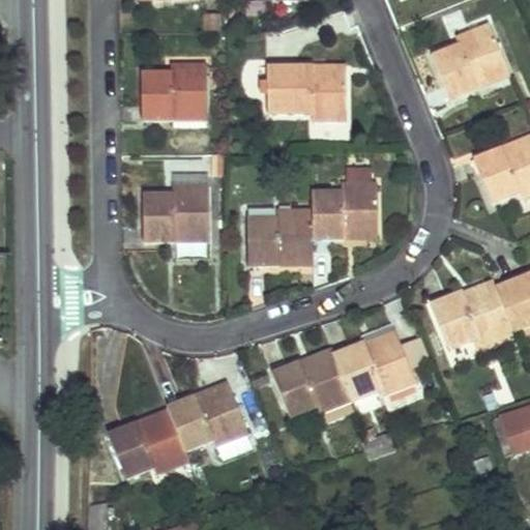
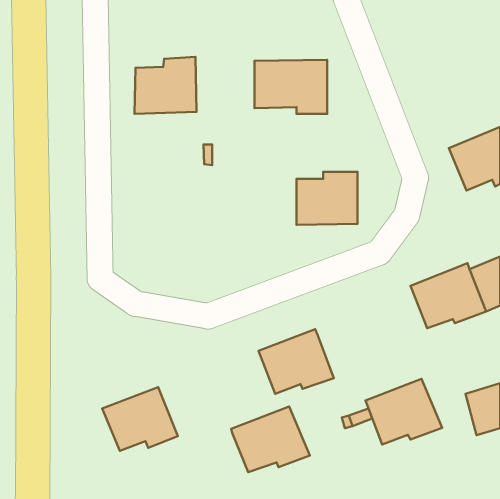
building: [431,21,509,99] -> none
building: [145,184,208,241] -> none
building: [247,207,314,265] -> none
building: [334,329,415,399] -> [365,379,442,445]
building: [166,380,248,449] -> [231,406,310,472]

